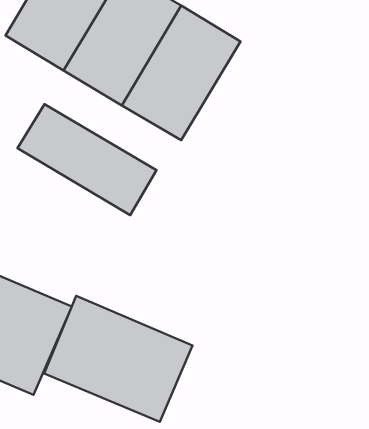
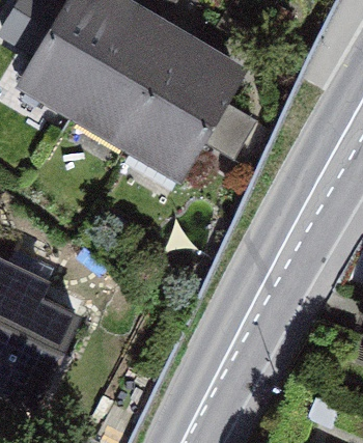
building: [18,104,156,215] -> none
building: [44,296,193,422] -> none

